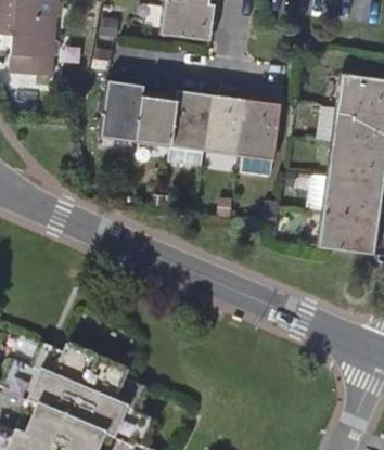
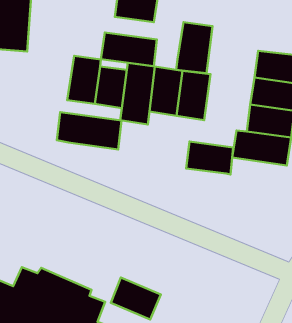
building: none -> [176,22,213,73]
building: none -> [101,33,157,66]
building: none -> [57,112,122,150]
building: [318,209,376,250] -> [186,141,233,174]
building: none -> [111,278,161,319]

